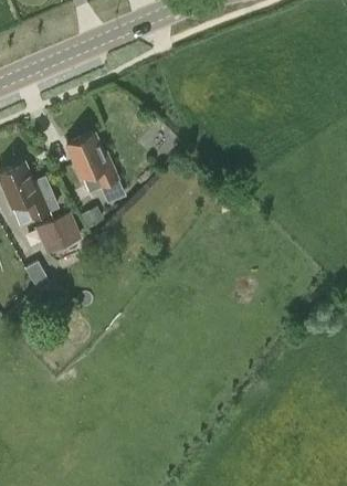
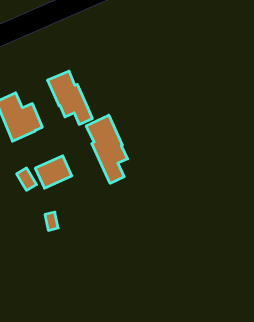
building: none -> [86,115,128,183]
building: [34,212,83,255] -> [35,156,72,188]

